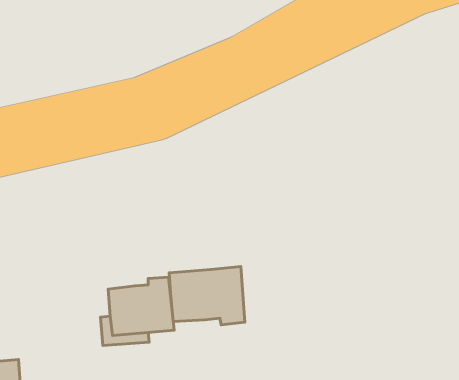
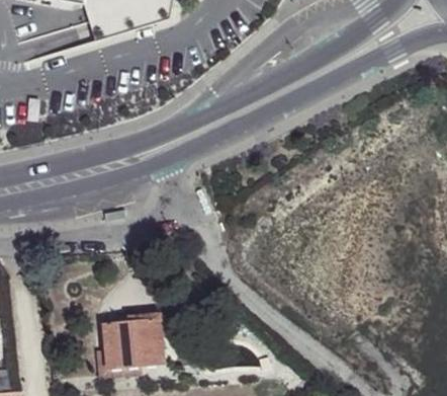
building: [169,267,245,325] -> none

